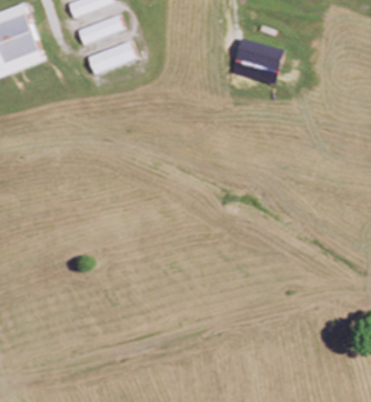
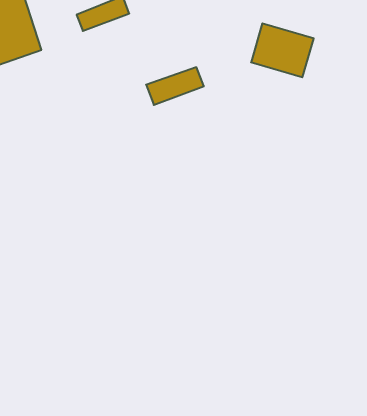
building: [86,41,137,74] -> [146,67,204,105]

